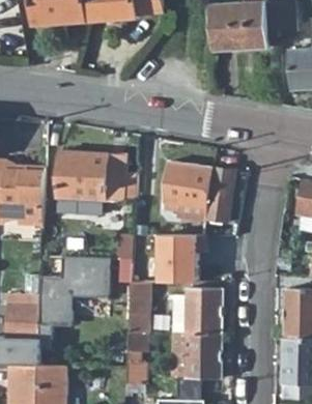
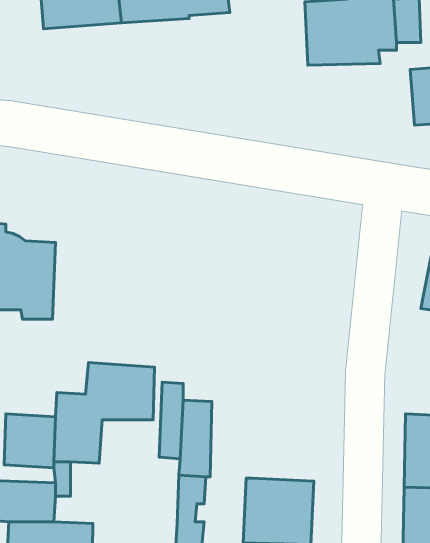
building: [54,151,135,214] -> none
building: [161,163,231,226] -> none
building: [152,236,191,285] -> none
building: [178,289,222,336] -> none

